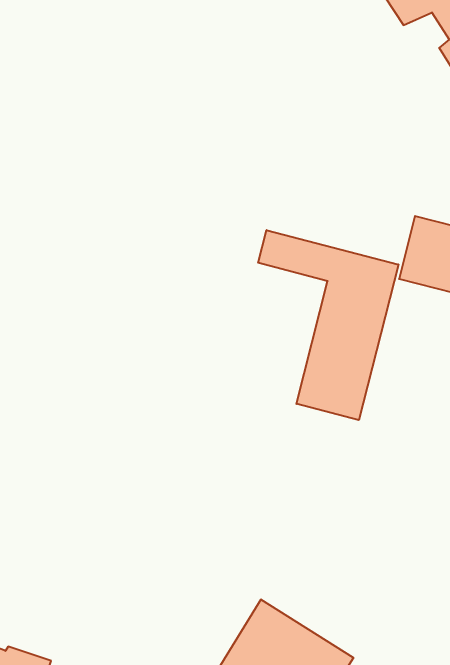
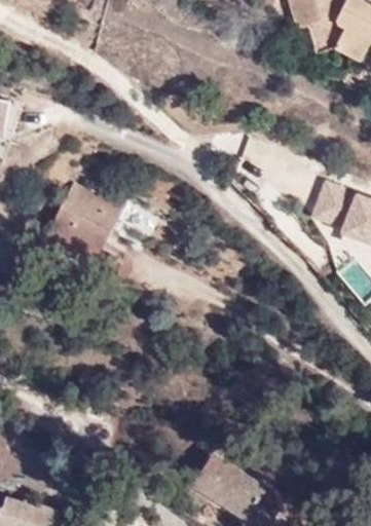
building: none -> [49,179,127,250]
building: [258,230,398,420] -> none

